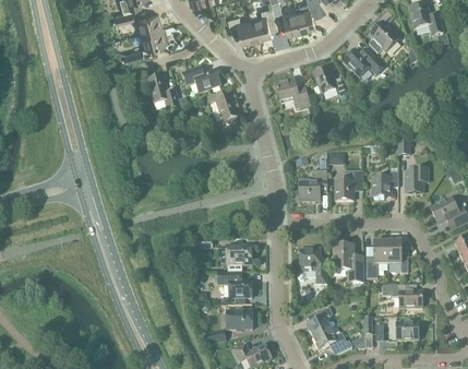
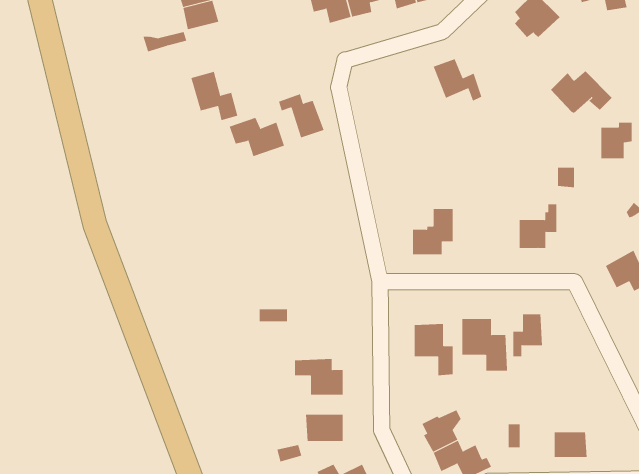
building: [344,47,386,76] -> [550,71,612,114]
building: [182,66,220,93] -> [229,117,285,157]
building: [275,78,310,108] -> none
building: [406,168,428,193] -> [600,122,632,159]
building: [335,170,363,200] -> none
building: [387,241,409,271] -> none
building: [226,245,252,264] -> none
building: [382,284,422,308] -> none

